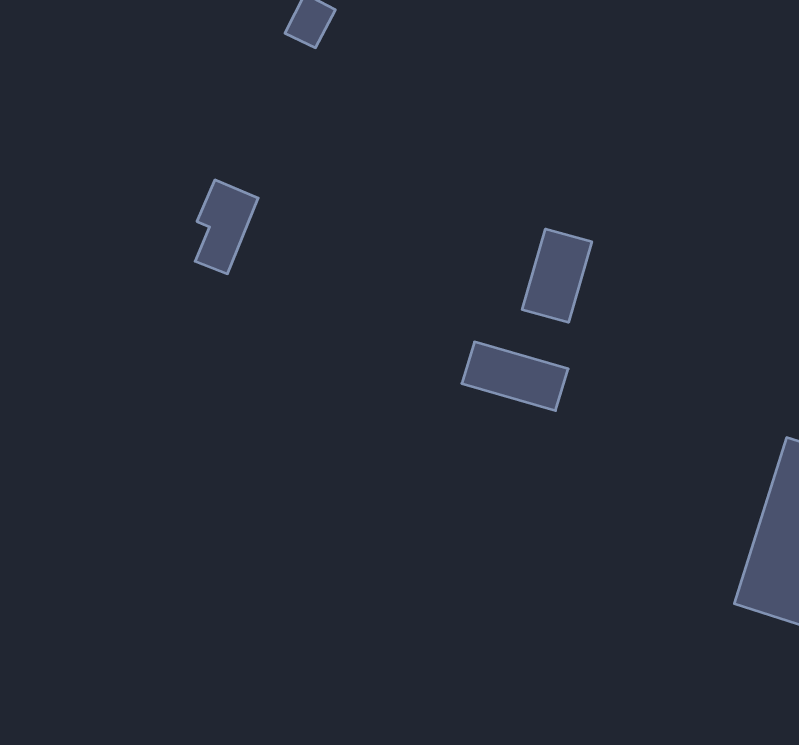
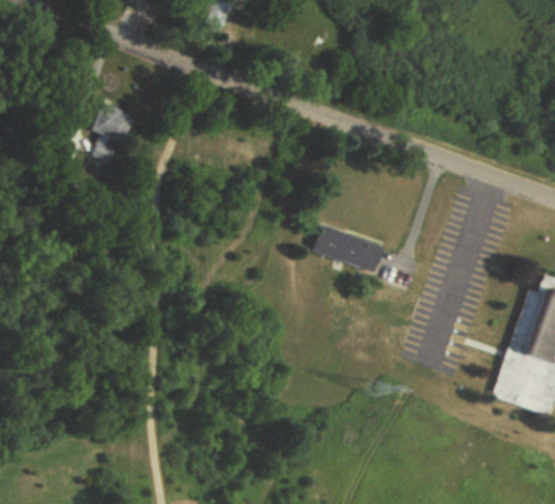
building: [195,180,258,274] -> [92,102,134,164]
building: [522,229,592,322] -> none

